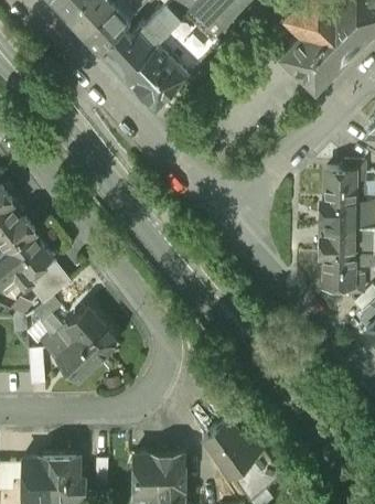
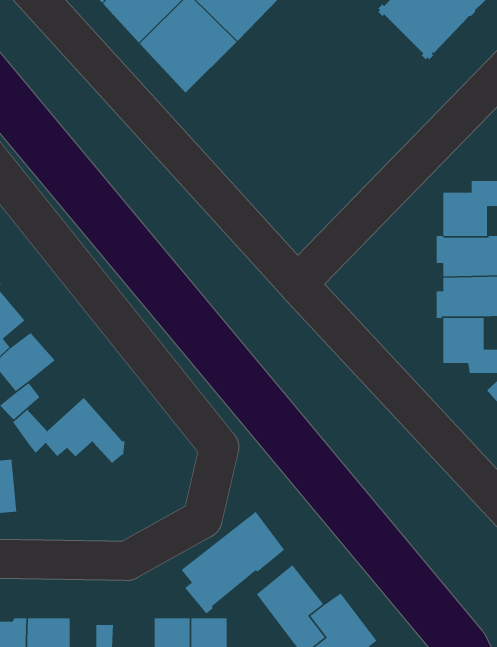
building: [46,339,107,380] -> none
building: none -> [180,511,285,615]

